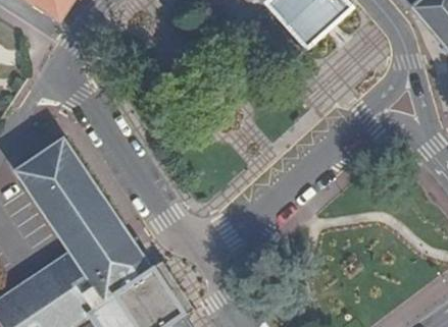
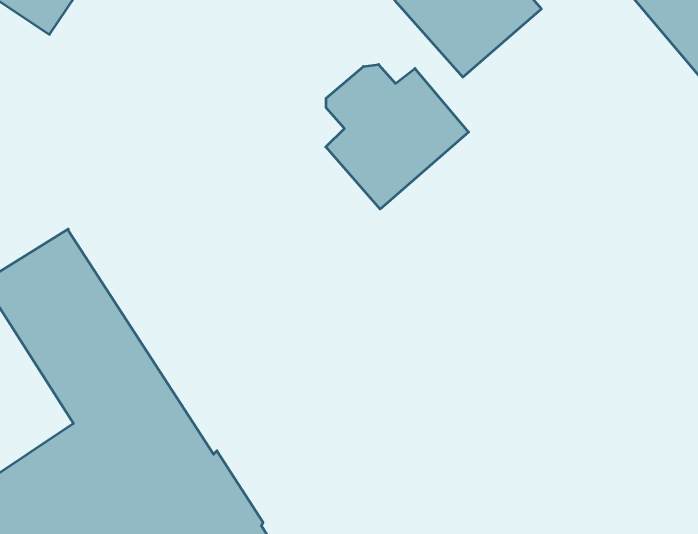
building: none -> [326,64,469,209]

